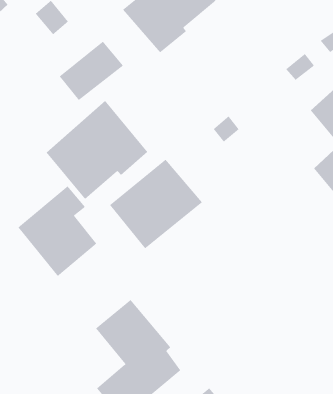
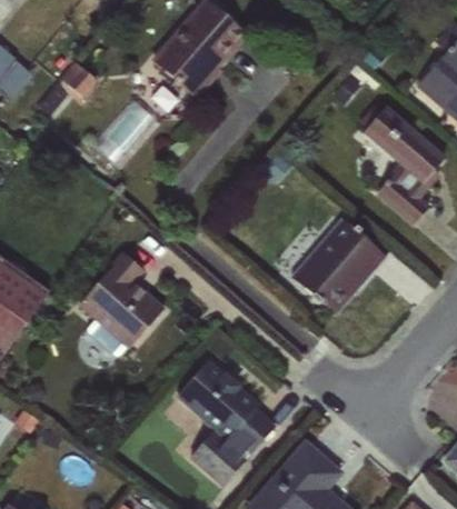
building: [46,100,148,200] -> none
building: [109,159,203,249] -> [290,219,387,317]

